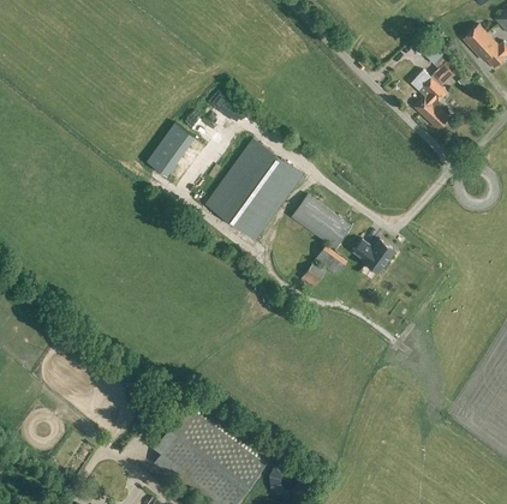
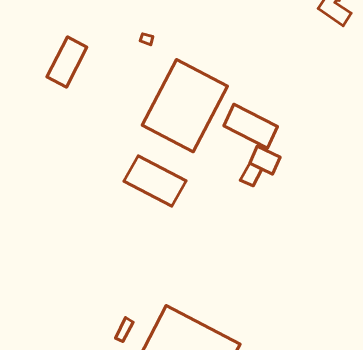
building: [147,122,195,176] -> [47,37,87,87]
building: none -> [124,156,186,206]
building: [360,240,395,274] -> none

